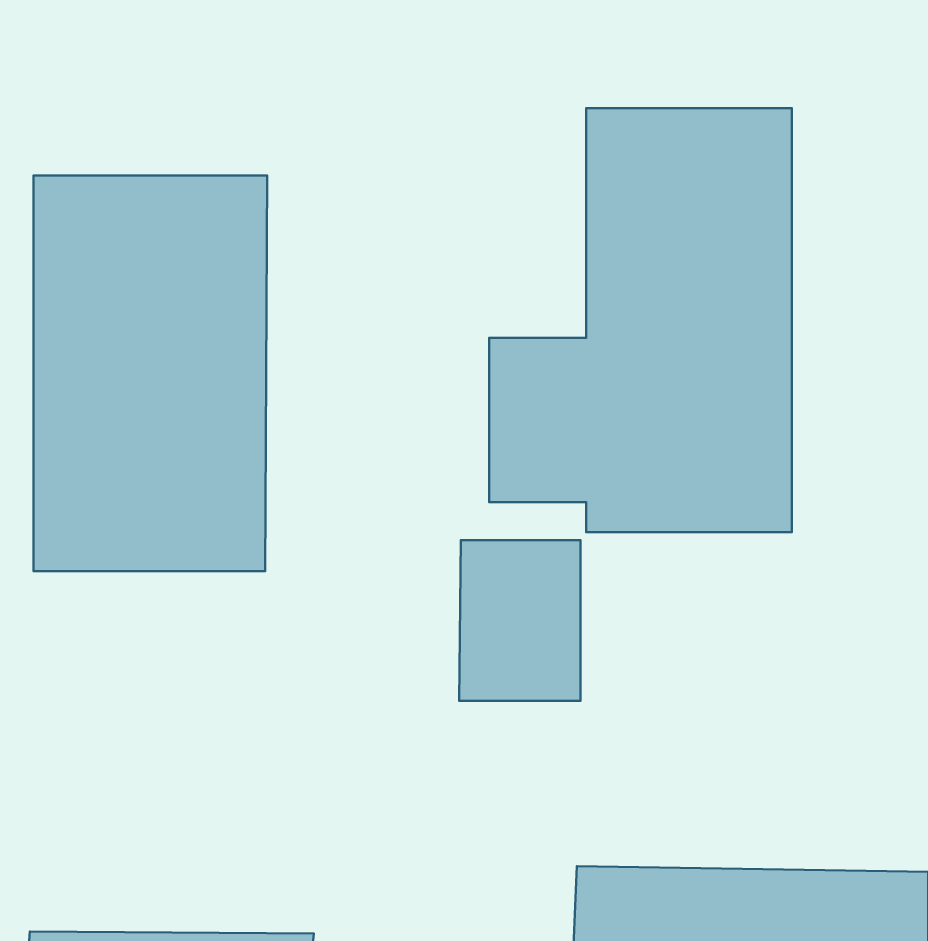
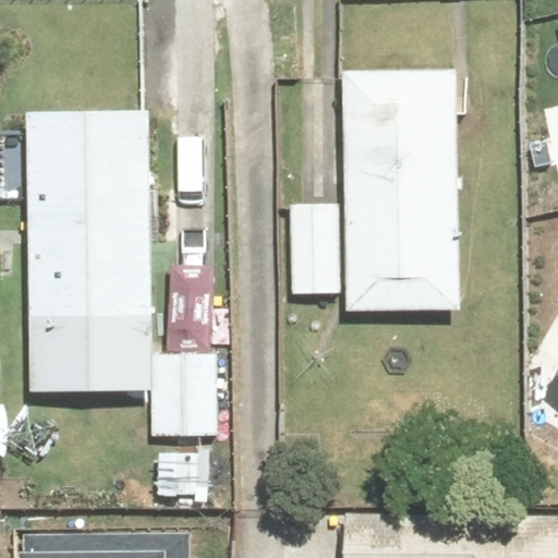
building: [459,540,580,701] -> [142,350,213,444]

